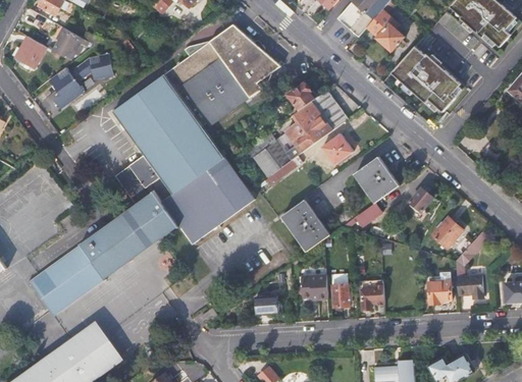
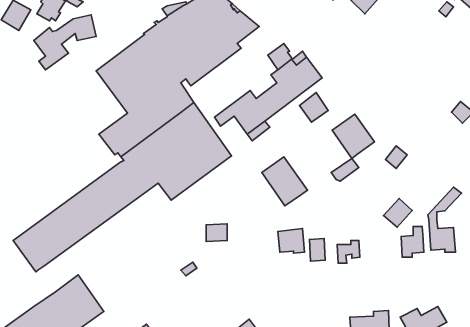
building: [390,47,460,112] -> none
building: [432,217,462,247] -> [383,199,412,227]
building: [255,296,276,315] -> [206,224,227,242]

